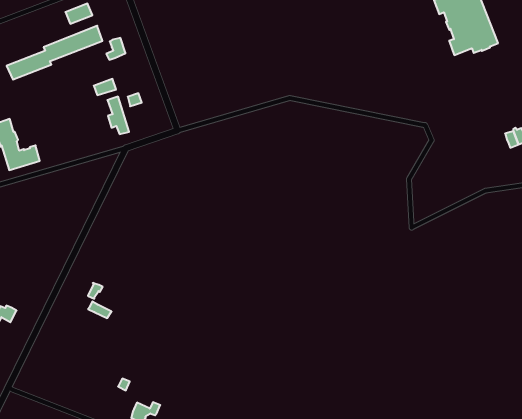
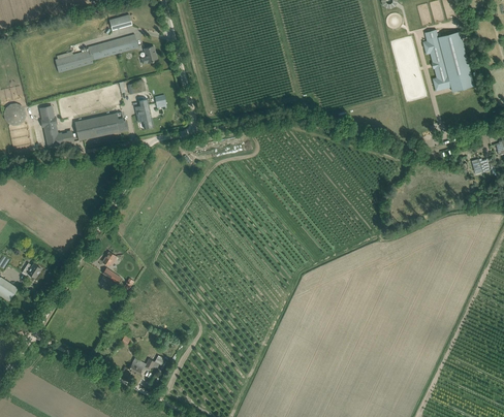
building: none -> [74,111,128,140]

